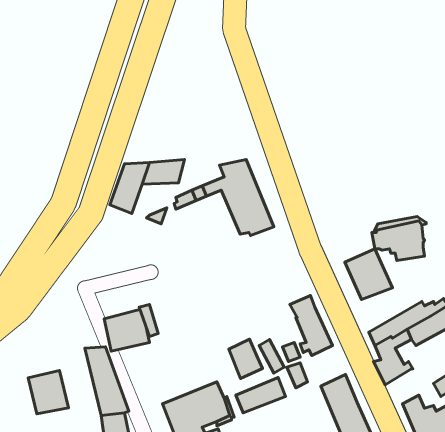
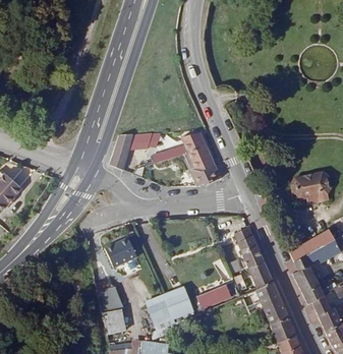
building: [345,249,392,300] -> none
building: [229,339,263,379] -> [248,261,272,289]
building: none -> [299,278,336,304]
building: [28,370,69,414] -> none

